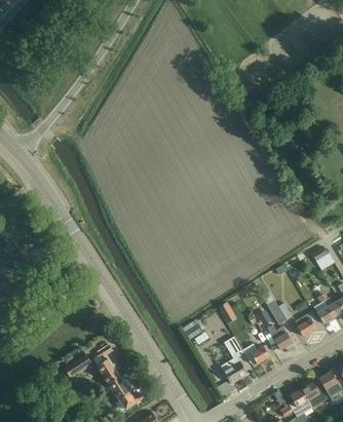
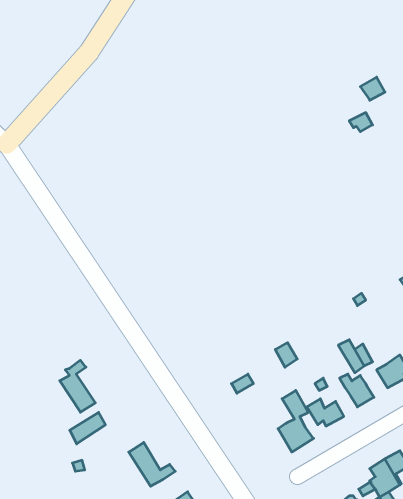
building: [92,344,119,383] -> [60,360,95,412]

